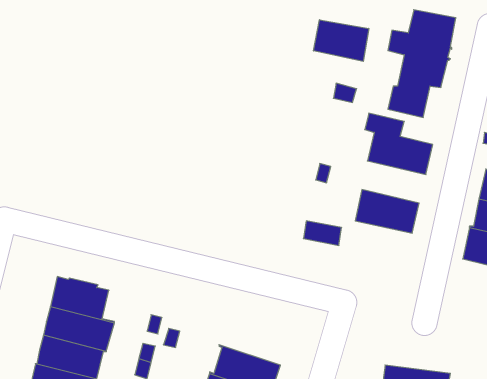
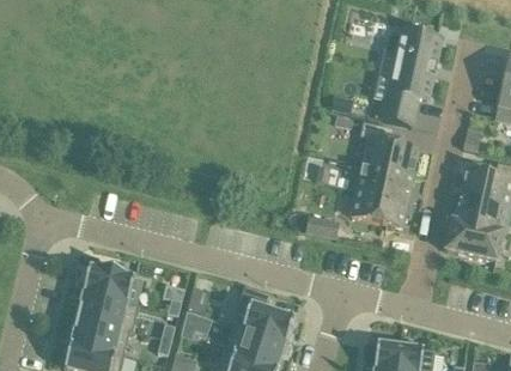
building: [314,20,369,61] -> none
building: none -> [357,163,413,200]
building: none -> [231,285,294,342]

